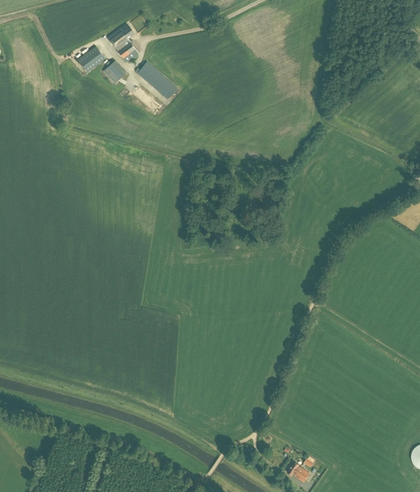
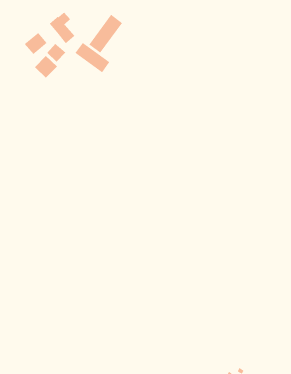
building: none -> [88,14,123,54]
building: none -> [34,55,58,78]

